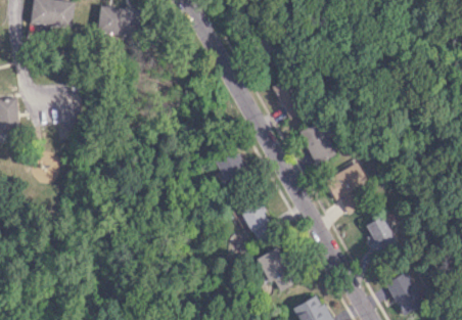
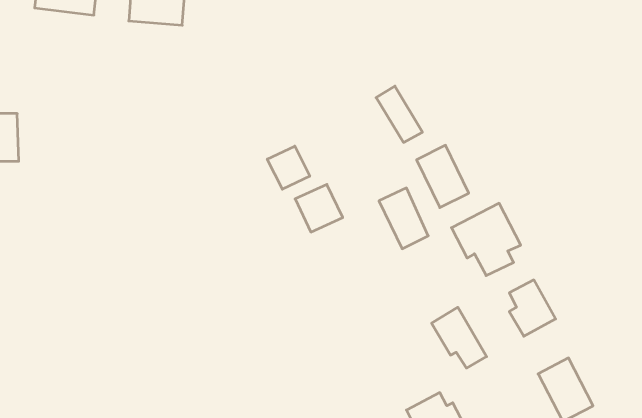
building: none -> [267,146,310,189]
building: [240,200,275,243] -> [379,188,428,249]
building: [257,248,295,291] -> [432,307,487,368]

